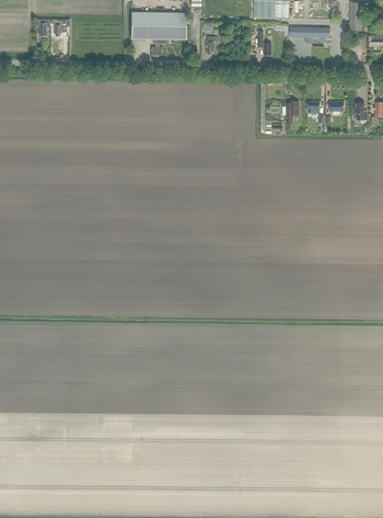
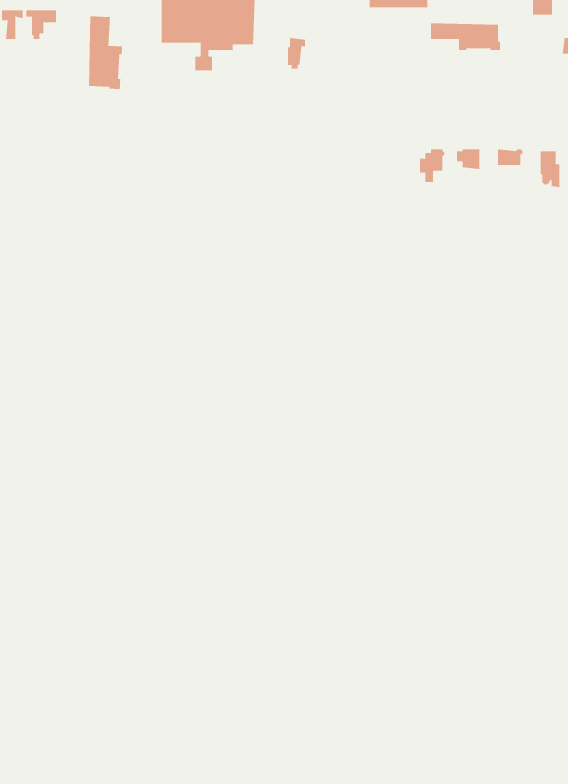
building: none -> [89,16,123,90]

